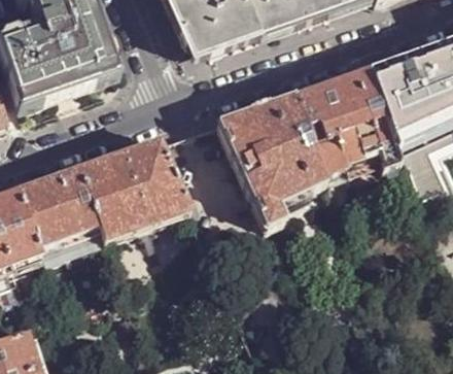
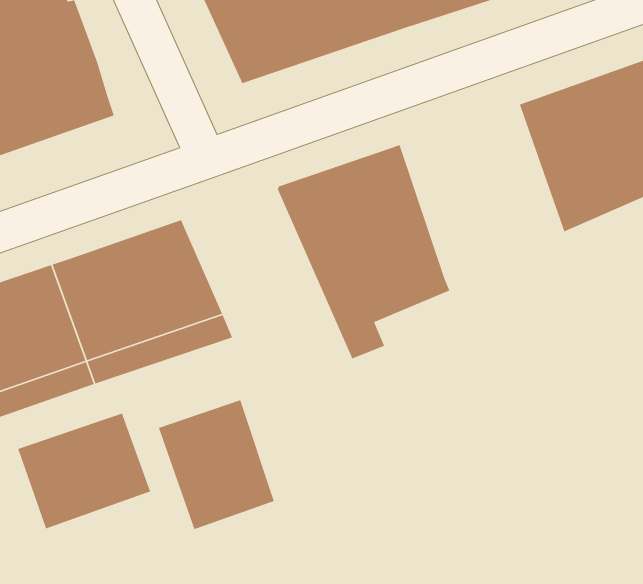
building: [292,67,397,175] -> none
building: none -> [158,399,275,530]
building: none -> [17,413,151,530]

